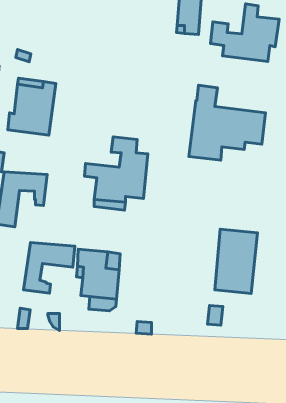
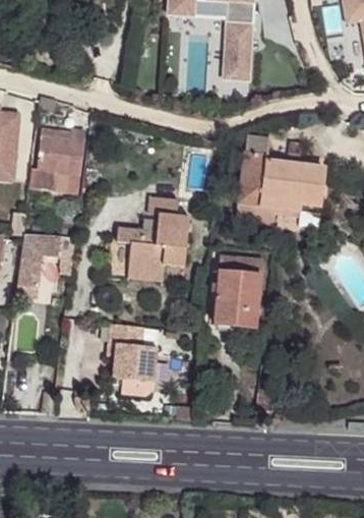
building: [210,4,279,61] -> none
building: [215,229,258,294] -> [215,254,263,328]
building: [23,243,75,293] -> none

